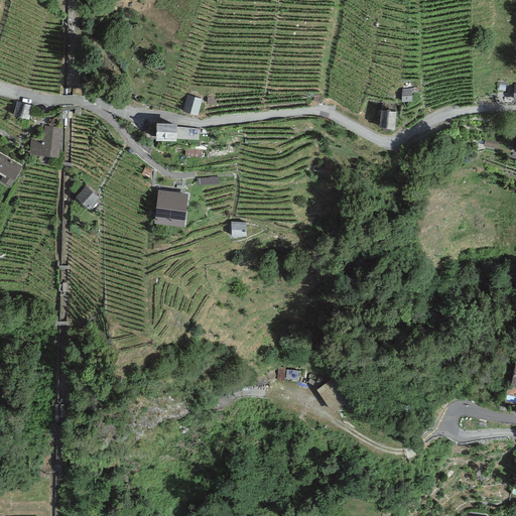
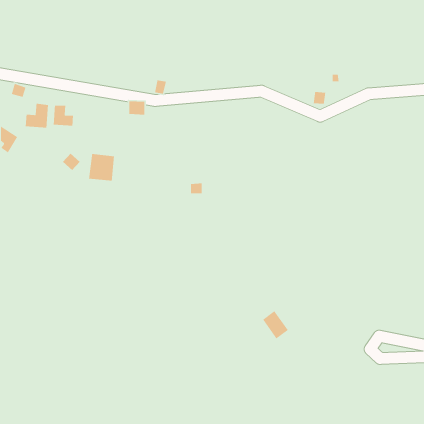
building: none -> [53,105,74,126]
building: [154,190,186,225] -> [88,153,115,182]

